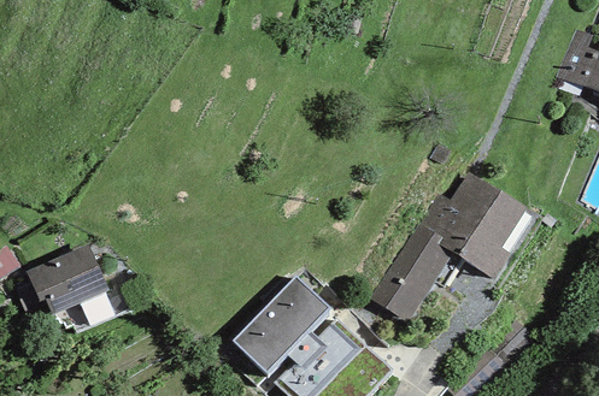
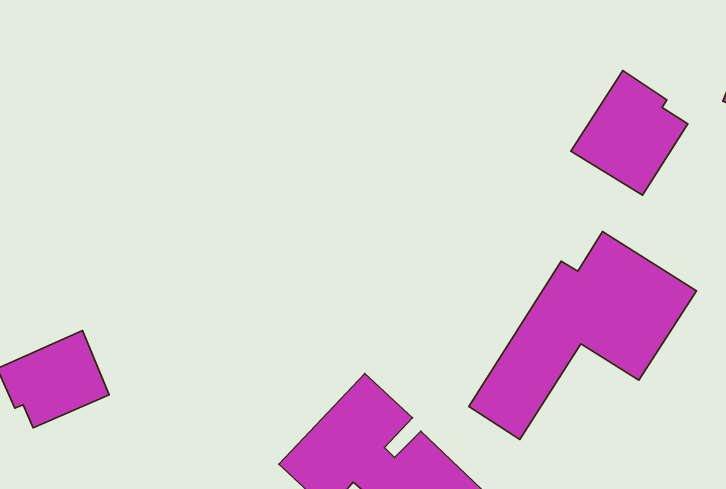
building: none -> [571,71,688,195]

